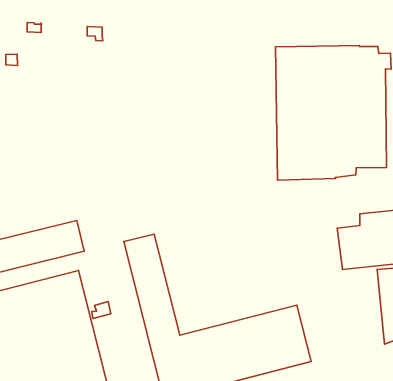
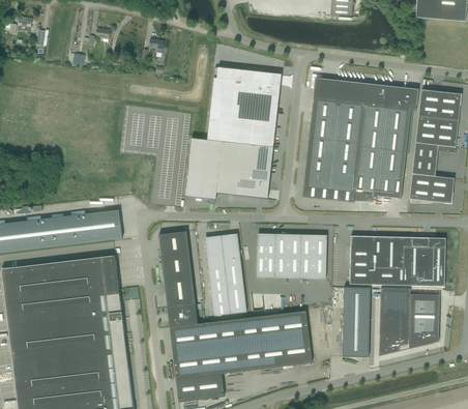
building: none -> [185,66,282,198]
building: none -> [257,233,327,277]
building: none -> [206,234,246,315]
building: none -> [342,286,370,356]

